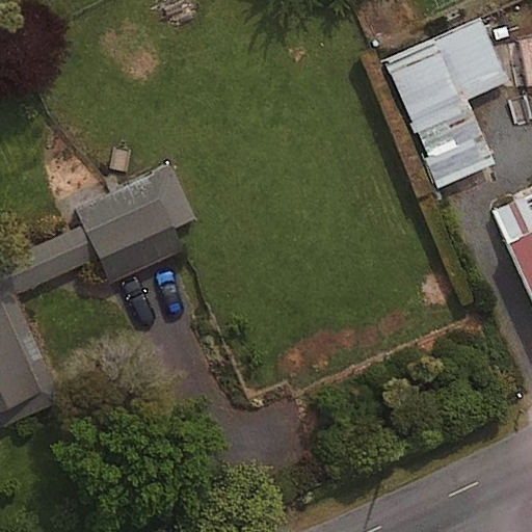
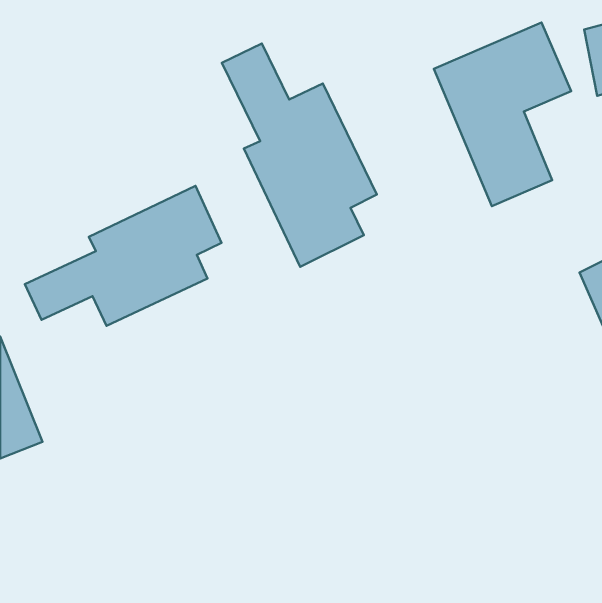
building: none -> [222,43,377,267]

